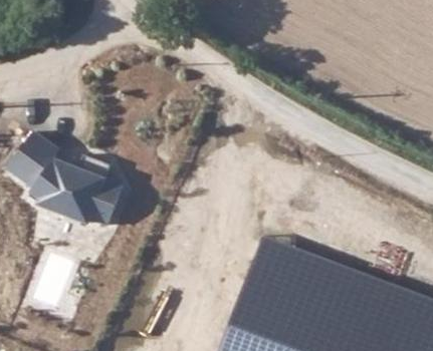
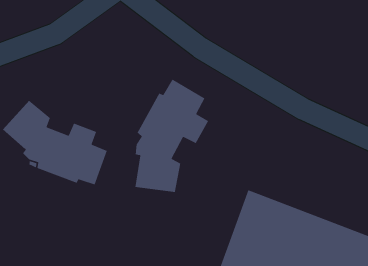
building: none -> [134,79,209,193]

